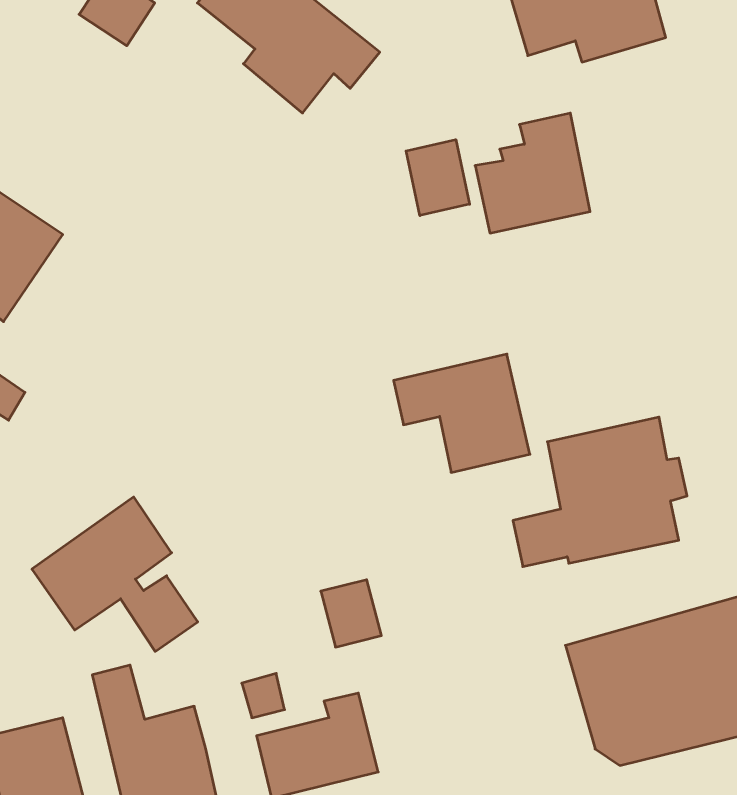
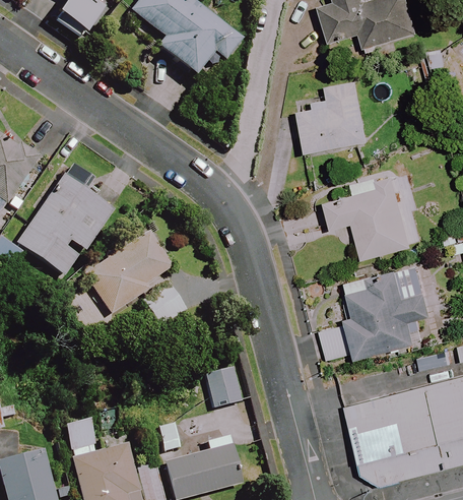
building: [406,140,470,216] -> none
building: none -> [16,177,112,275]
building: [394,354,530,472] -> [327,185,411,258]
building: [32,497,198,651] -> [84,232,187,327]

